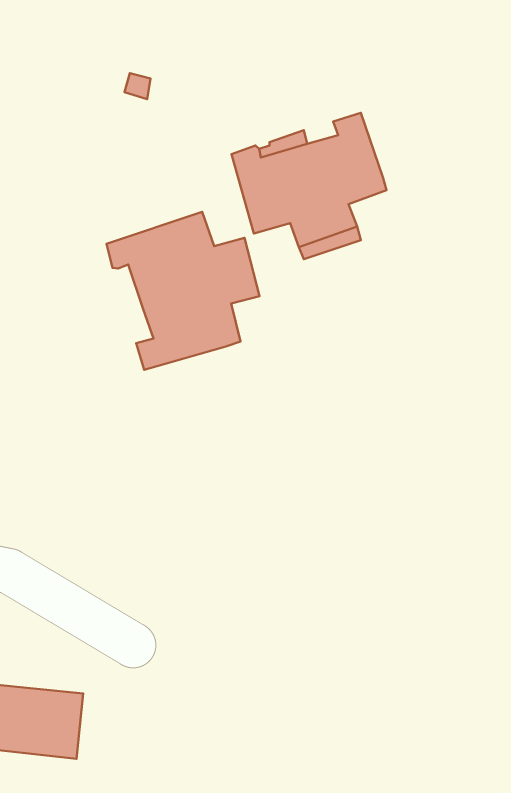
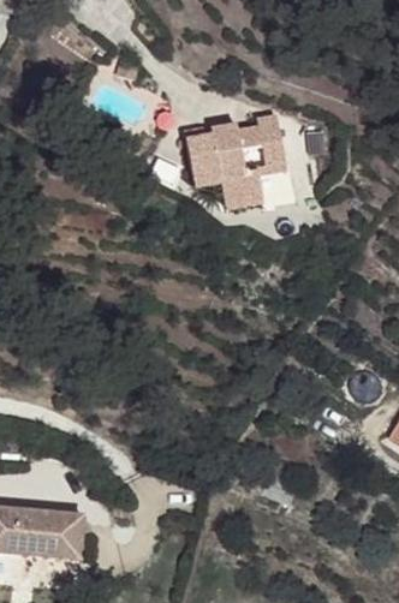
building: [106,212,260,370] -> none

